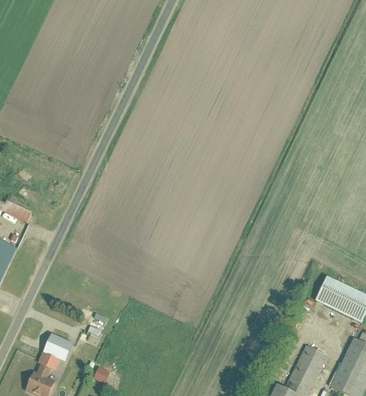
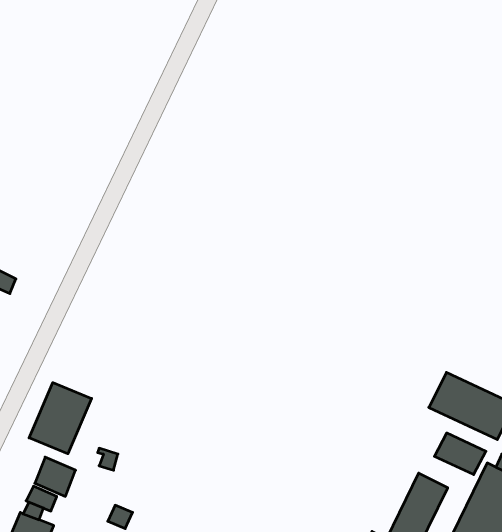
building: none -> [29,383,92,454]
building: none -> [434,433,486,475]

